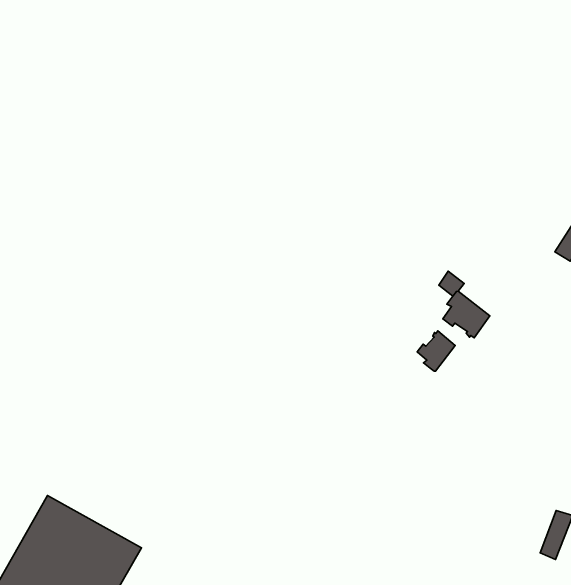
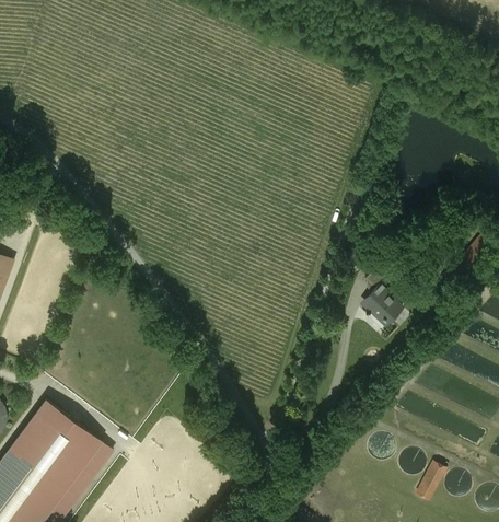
building: [417,331,455,371] -> none

